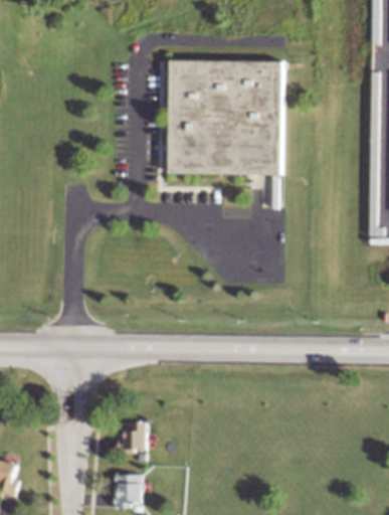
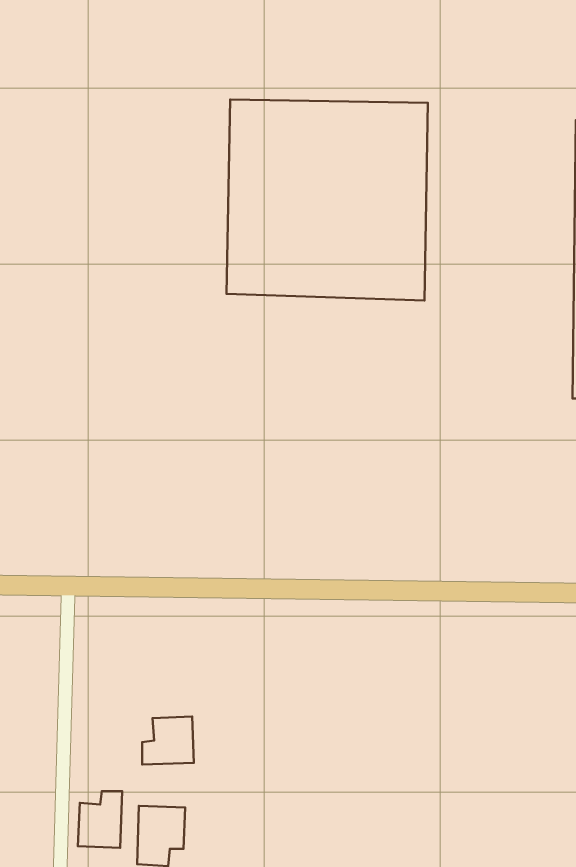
building: none -> [78,791,122,848]

